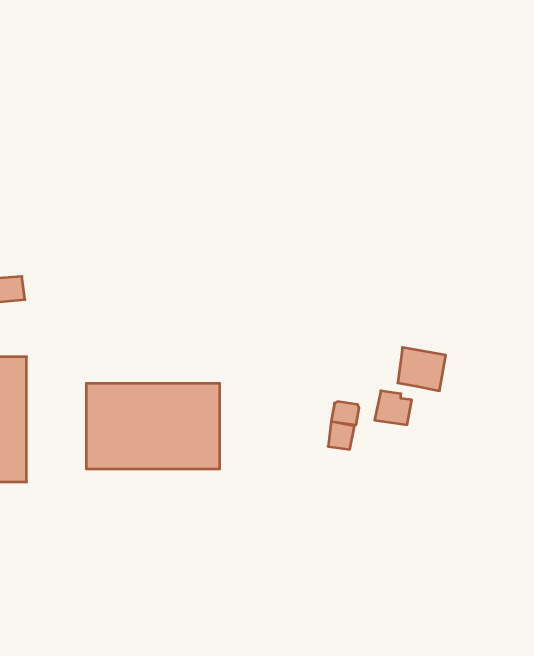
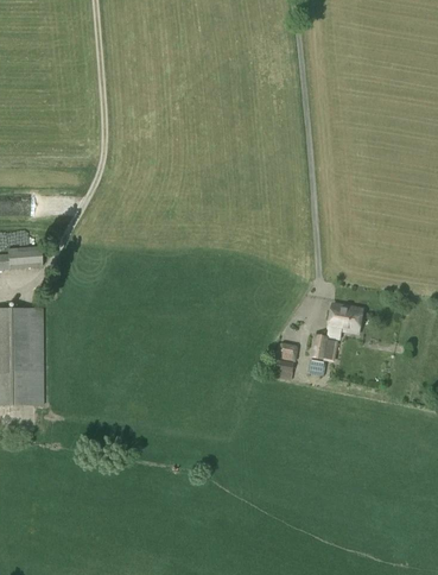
building: [86,383,220,469] -> none

